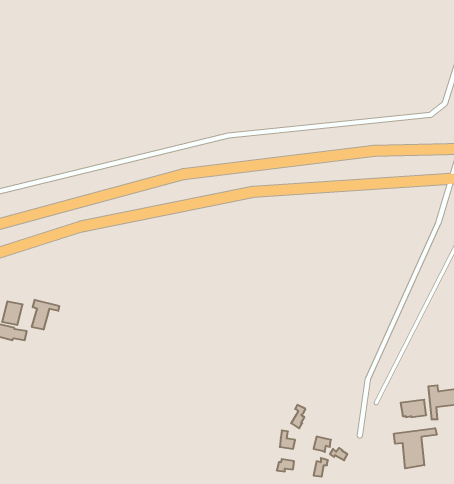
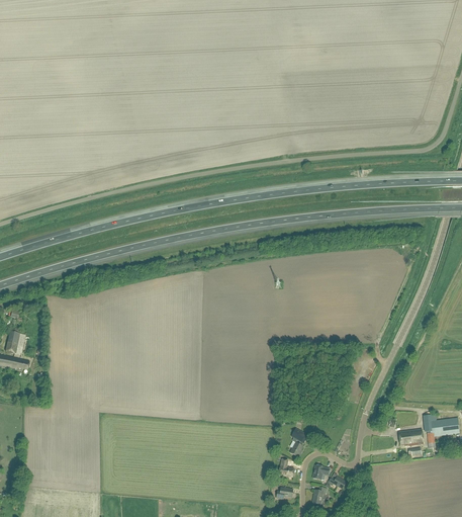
building: [32,300,59,330] -> none
building: [394,428,437,468] -> none

